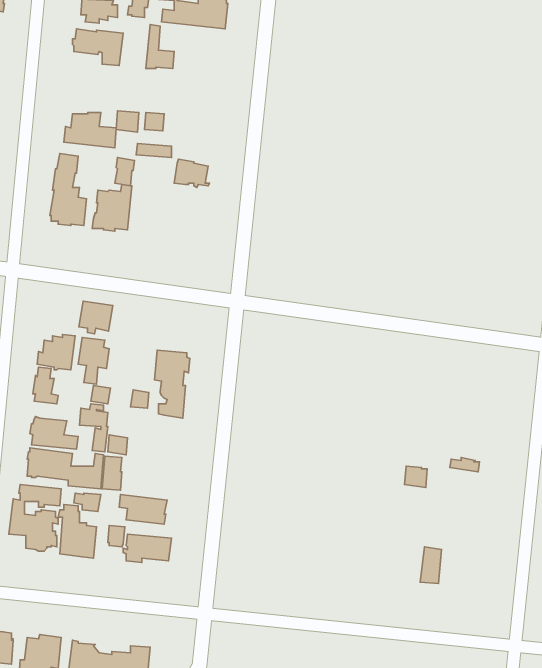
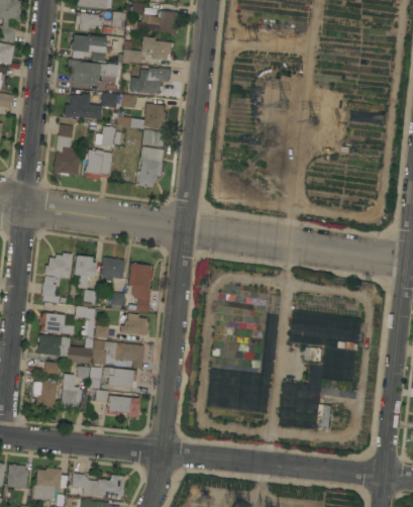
building: none -> [140,35,174,61]
building: none -> [67,59,118,85]
building: none -> [129,67,172,94]
building: none -> [141,103,168,127]
building: none -> [135,146,165,187]
building: [79,301,113,334] -> [100,258,124,281]
building: none -> [119,313,147,335]
building: none -> [103,341,143,368]

